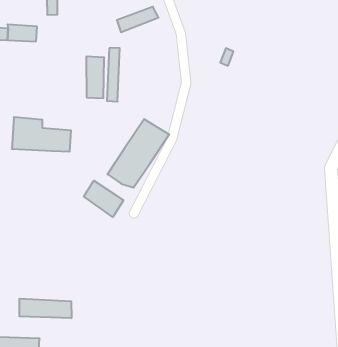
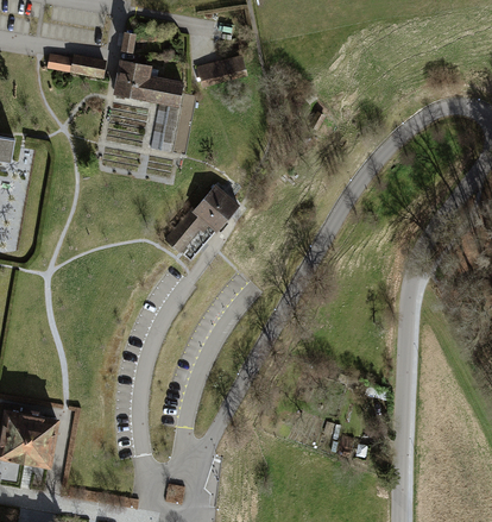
building: [12,117,71,152] -> [112,61,182,108]
building: [84,181,123,217] -> none
building: [19,299,71,318] -> none

